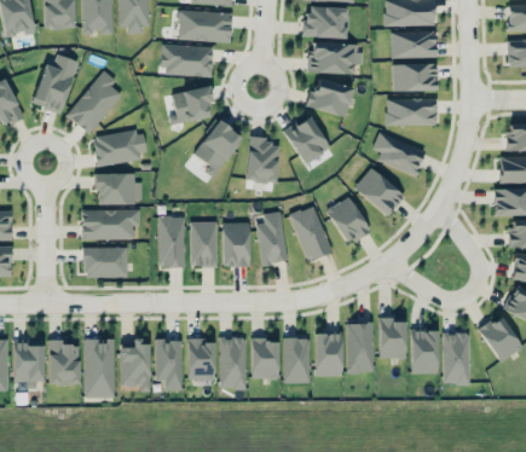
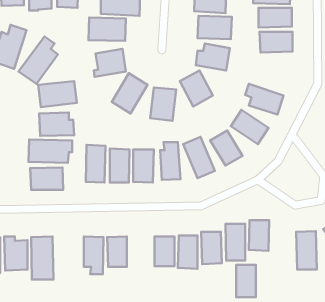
building: [386,98,438,126] -> none
building: [411,330,438,373] -> [236,265,256,297]
building: [219,337,245,389] -> none
building: [121,341,150,392] -> none

